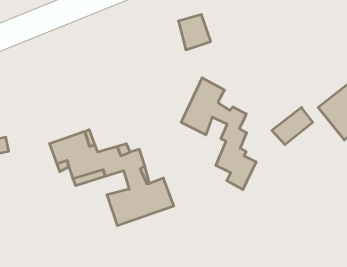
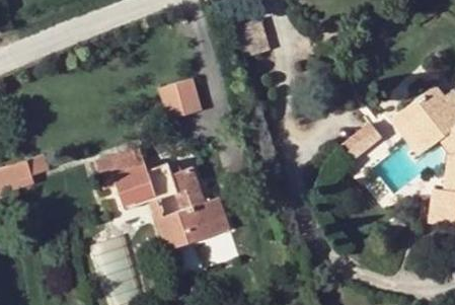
building: none -> [160,78,203,120]
building: [181,78,256,190] -> none

